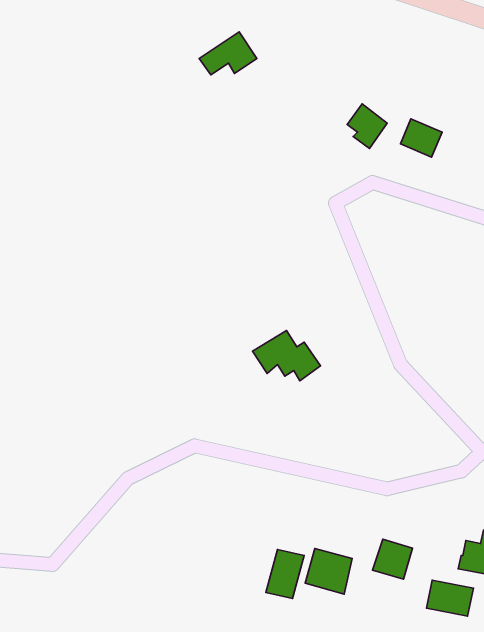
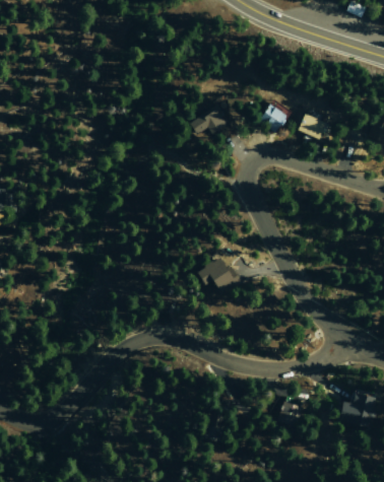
building: [199,32,257,75] -> [188,106,228,135]
building: [305,549,352,594] -> none
building: [426,580,473,616] -> none

